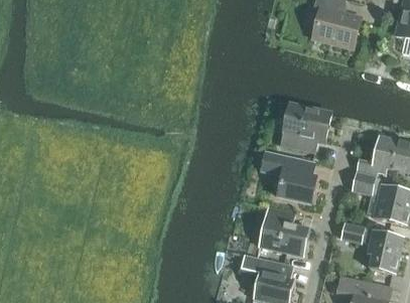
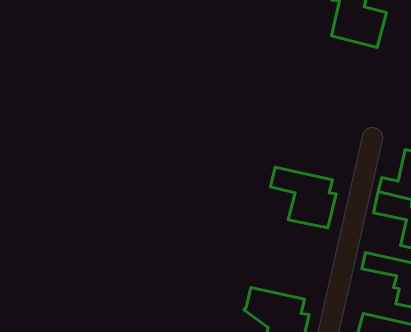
building: [282,103,331,149] -> none
building: [258,205,309,255] -> none

